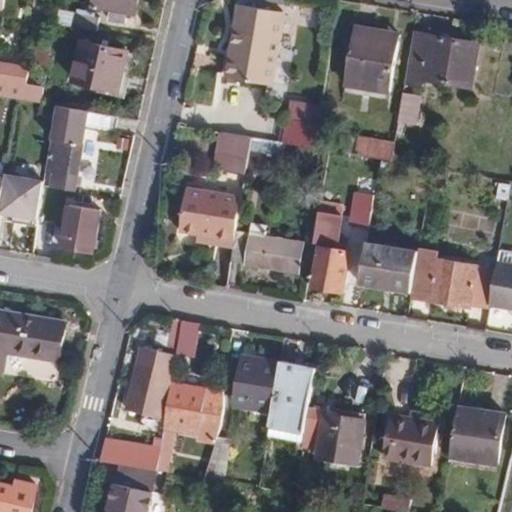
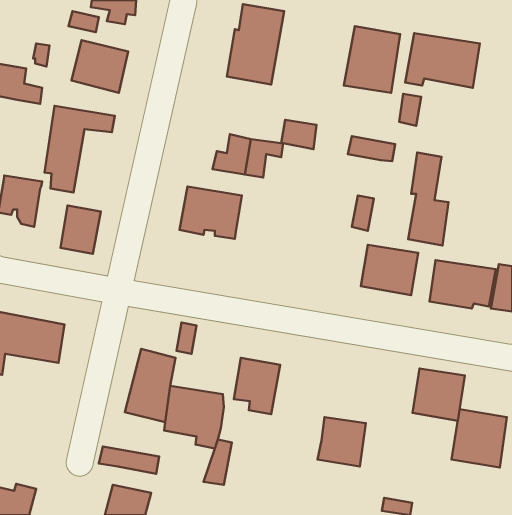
building: [309,201,349,293] -> [408,153,448,245]
building: [229,222,302,274] -> none
building: [267,358,313,432] -> none
building: [383,414,435,466] -> [412,368,465,421]

